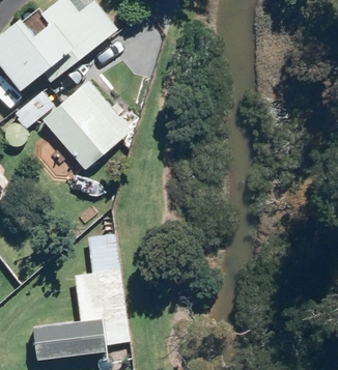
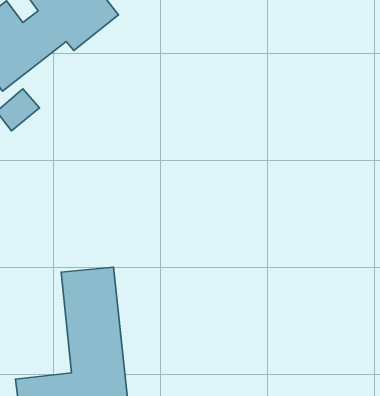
building: [41,80,131,171] -> none

